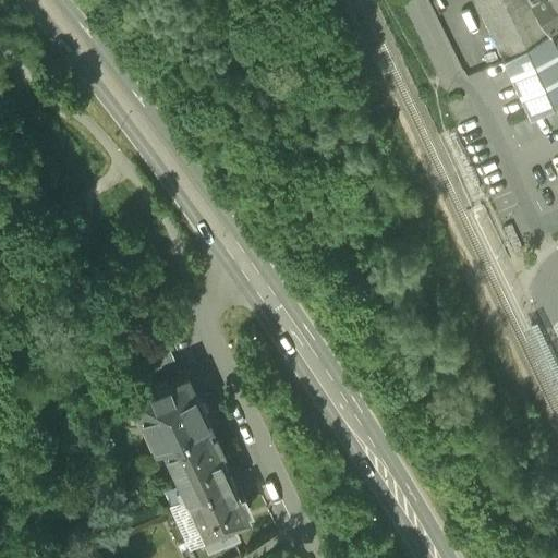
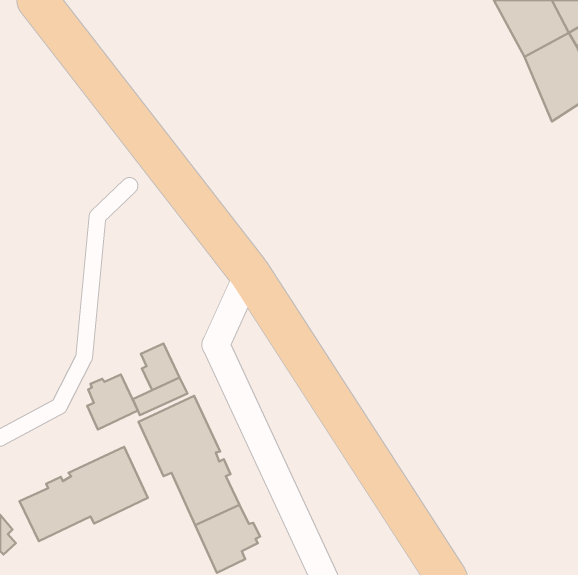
building: none -> [87,374,138,430]
building: none -> [20,447,148,541]

